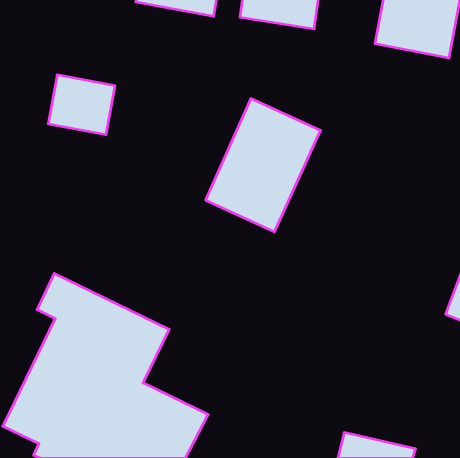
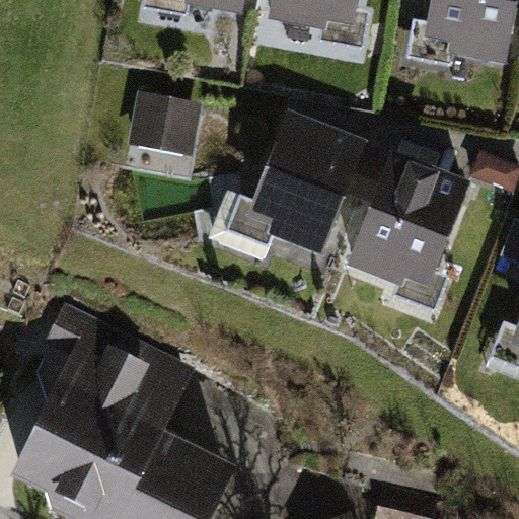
building: [48,75,115,135] -> [130,92,205,159]
building: none -> [341,151,470,296]

